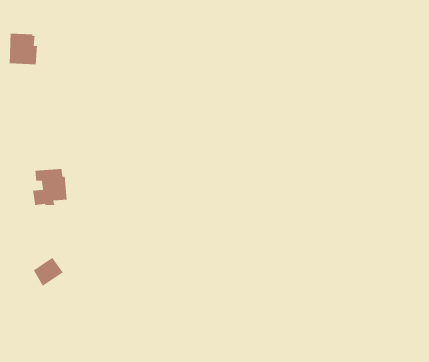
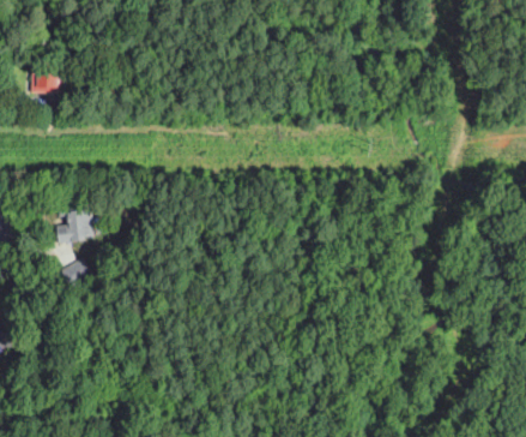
building: [33,257,64,287] -> [61,258,95,291]

